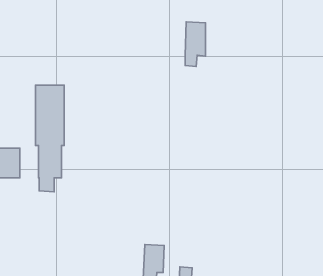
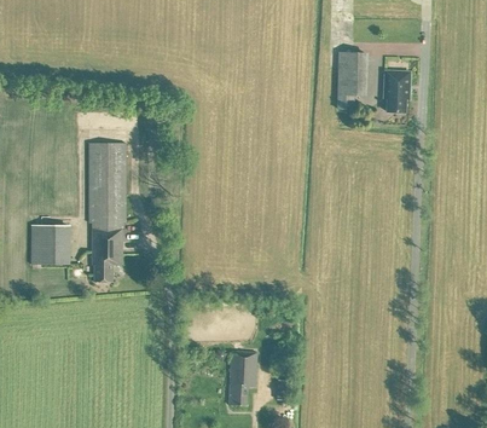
building: [185,22,205,66] -> [337,51,364,109]
building: none -> [383,70,410,111]

